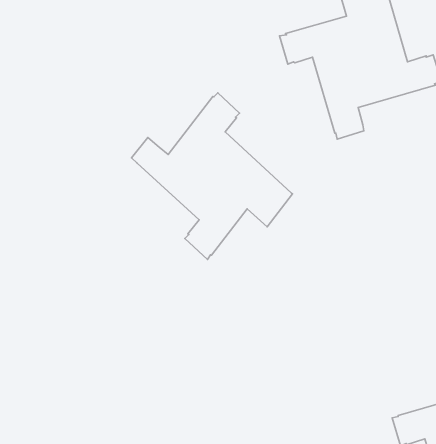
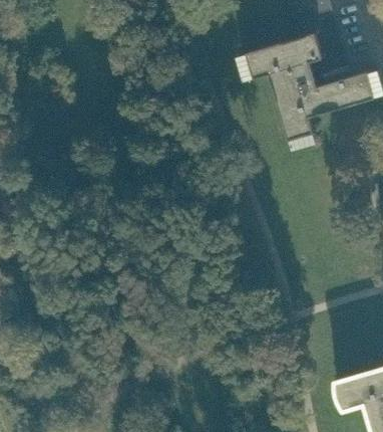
building: [132,93,293,259] -> none

